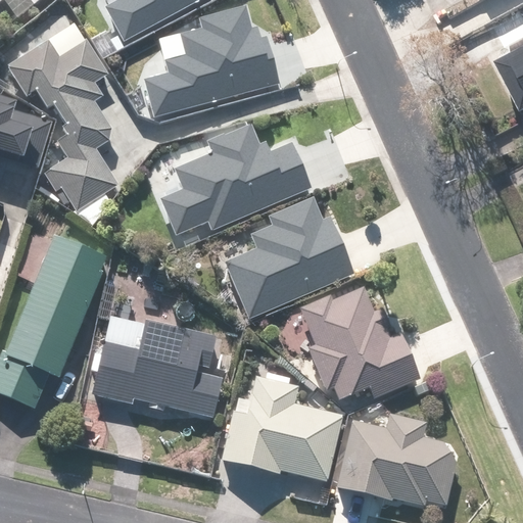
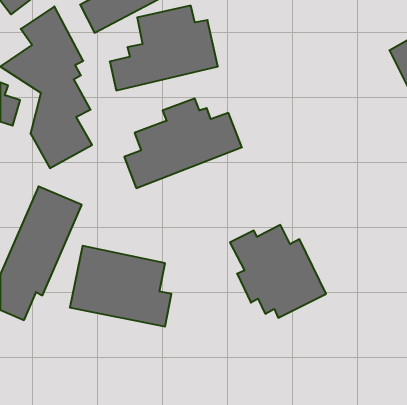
building: [225,197,352,318] -> none
building: [223,376,341,504] -> none
building: [335,413,459,510] -> none

